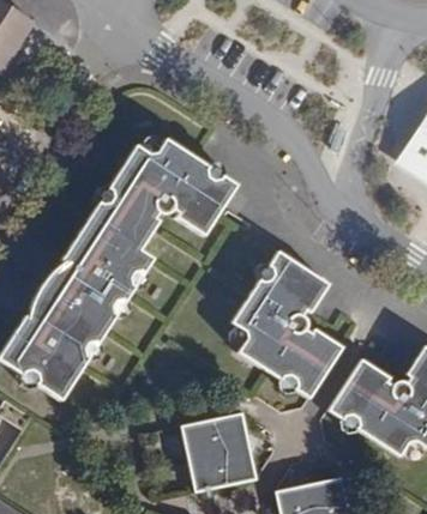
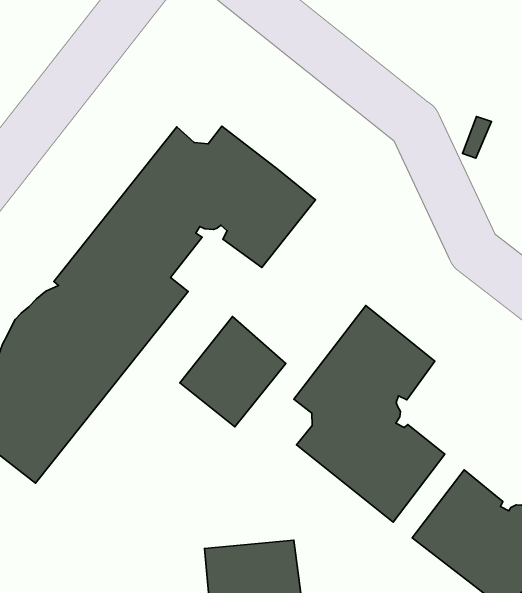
building: none -> [180,317,286,427]

